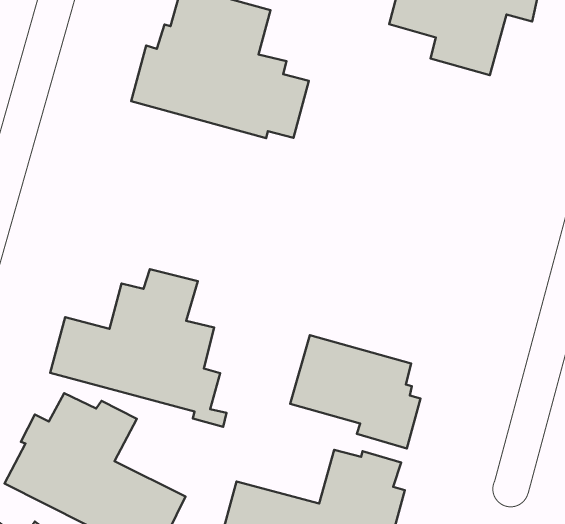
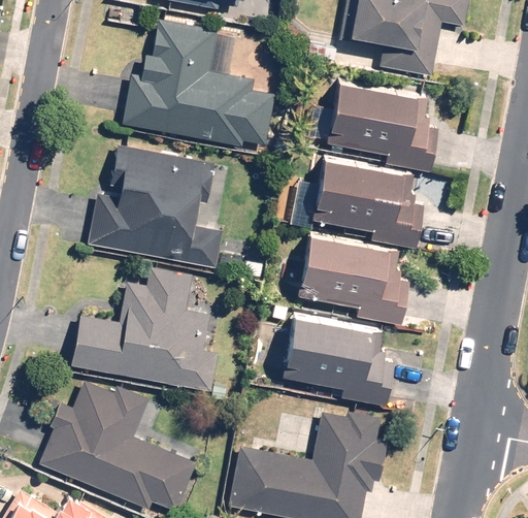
building: none -> [307,80,437,172]
building: none -> [87,145,223,269]
building: none -> [311,157,424,249]
building: none -> [296,233,408,325]

